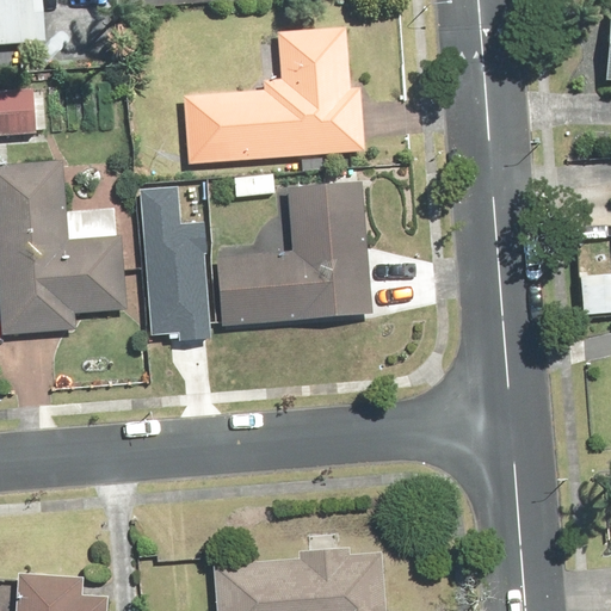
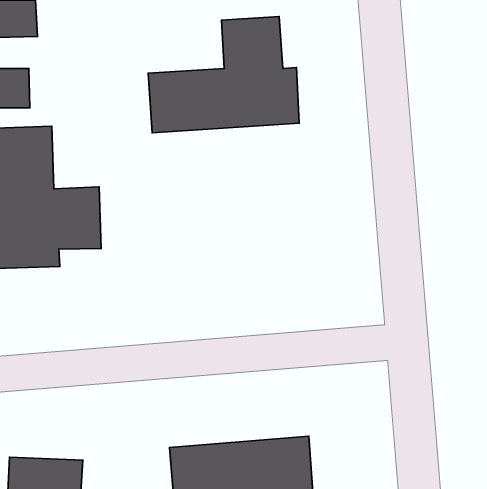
building: [215,178,374,328] -> none
building: [137,184,204,339] -> none

